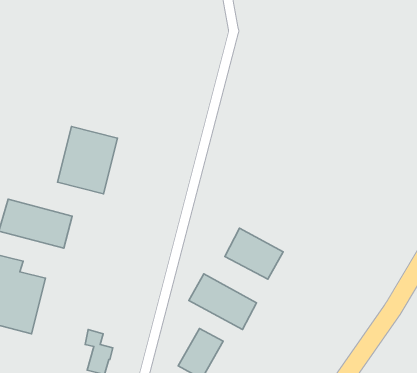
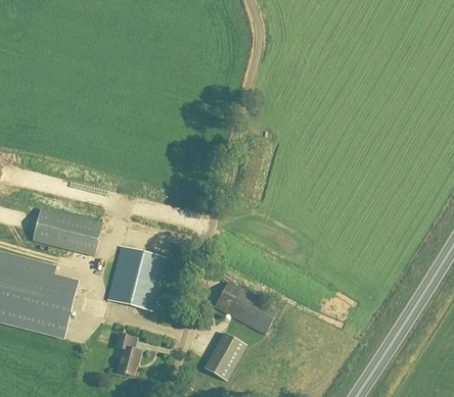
building: [58,127,118,194] -> [107,246,165,310]
building: [225,228,283,279] -> none

